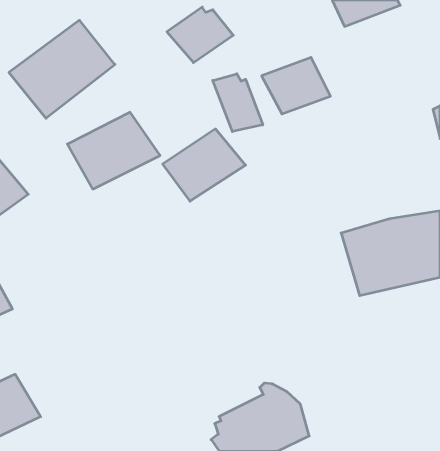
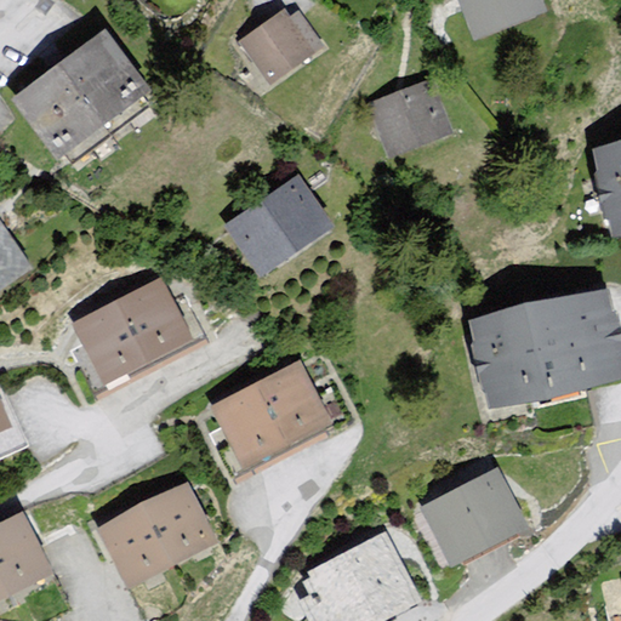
building: [213,74,263,132] -> none
building: [67,112,160,189] -> [70,280,198,386]
building: none -> [206,359,337,474]
building: none -> [416,469,525,565]
building: none -> [96,486,217,587]

